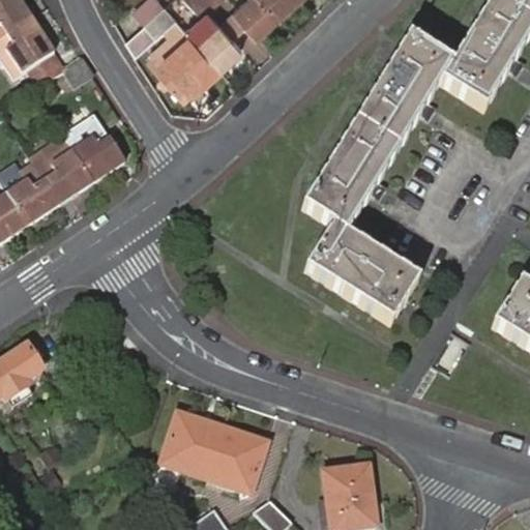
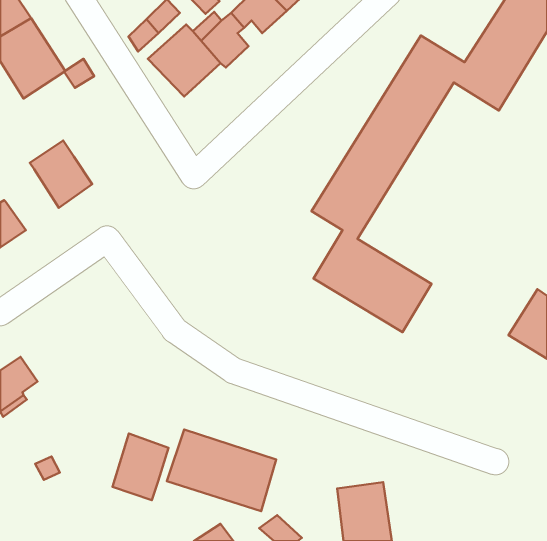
building: [71,138,120,178] -> none
building: [5,164,57,223] -> none
building: none -> [112,434,169,500]

